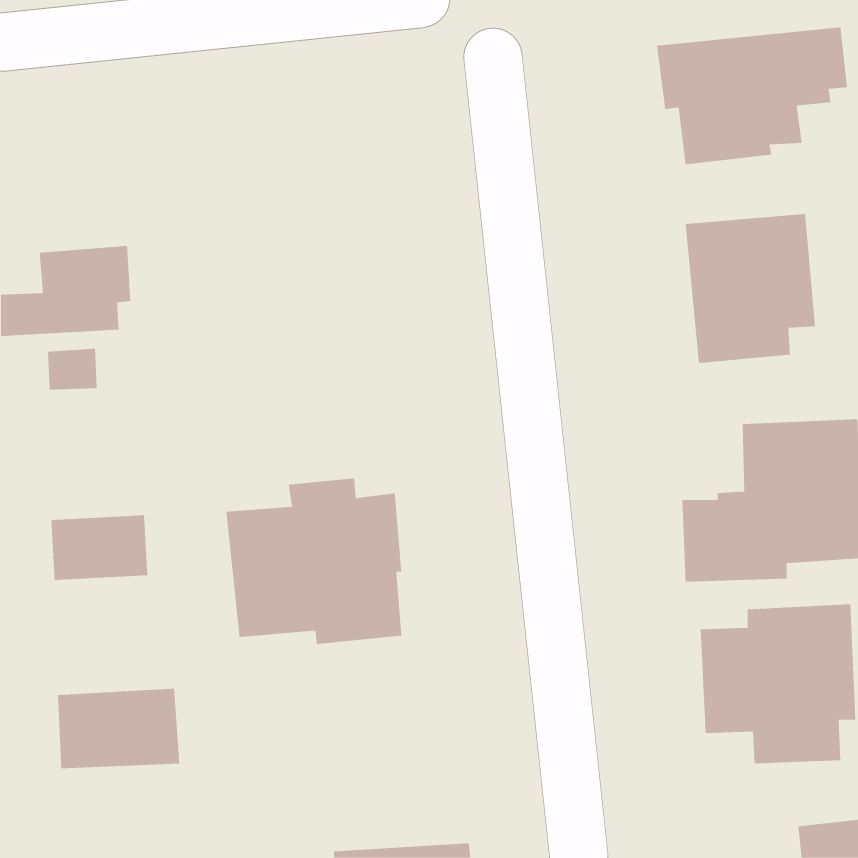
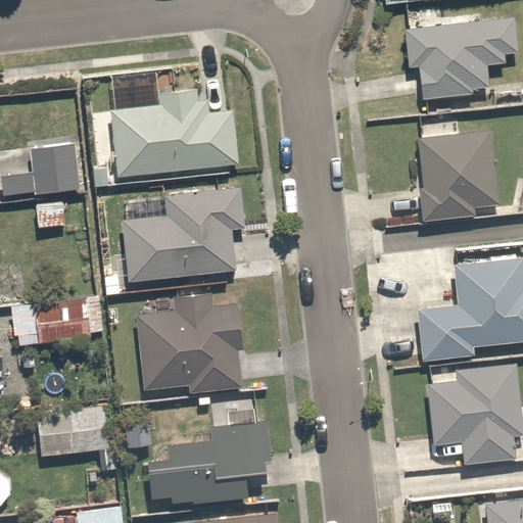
building: none -> [114,80,249,171]
building: none -> [116,198,240,293]
building: none -> [150,408,275,505]

